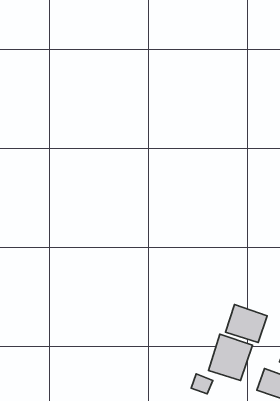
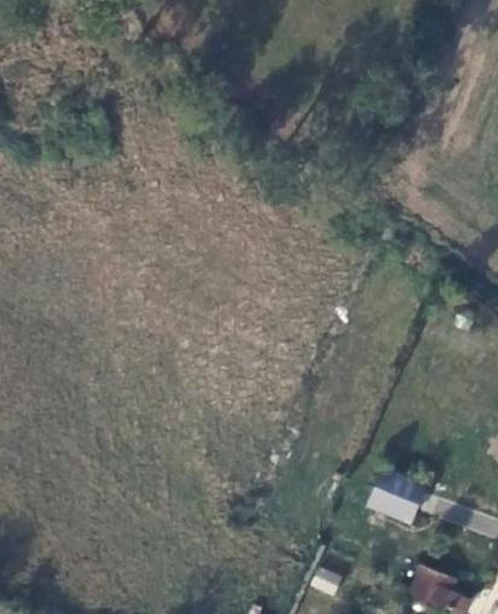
building: [208,334,253,381] -> none

